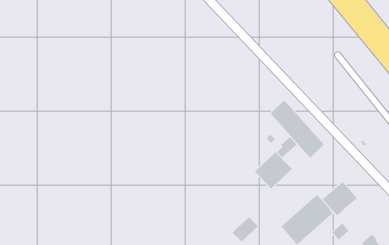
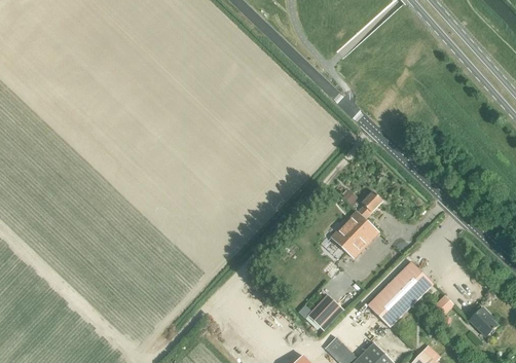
building: [270,100,325,158] -> none
building: [322,181,358,216] -> none

